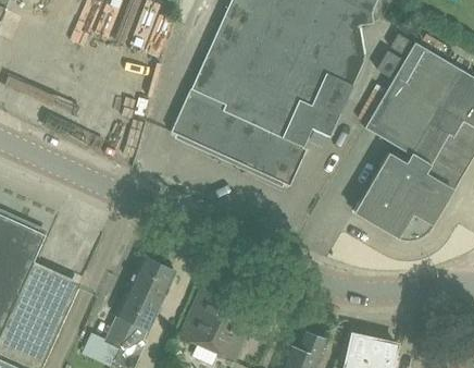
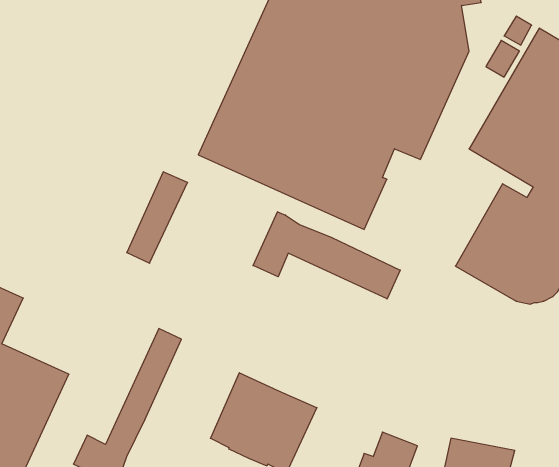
building: none -> [253,212,400,299]
building: [133,263,176,329] -> [127,172,188,263]

